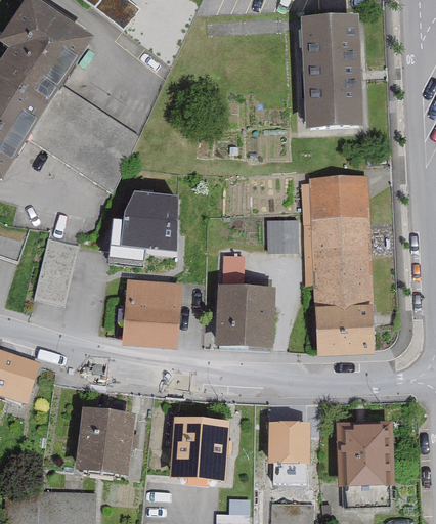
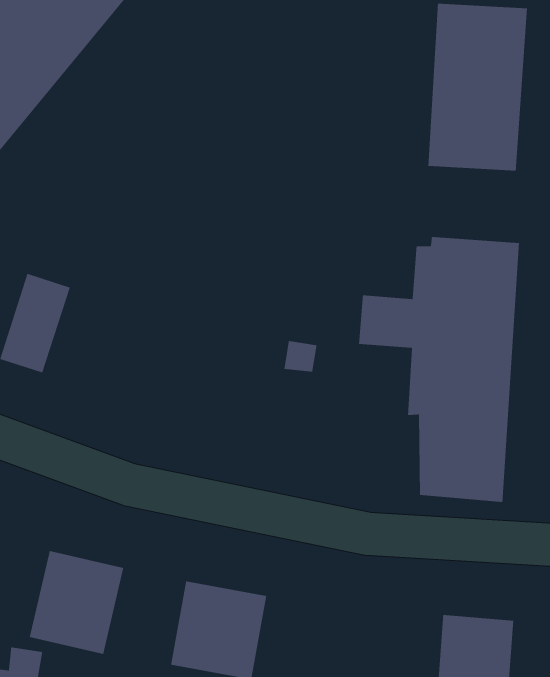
building: [103,193,180,265] -> none
building: [215,273,272,343] -> none
building: [124,278,180,341] -> none
building: [268,422,308,462] -> none

